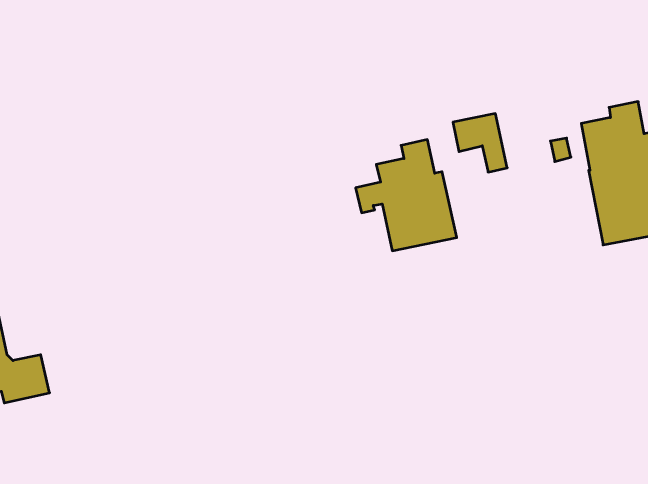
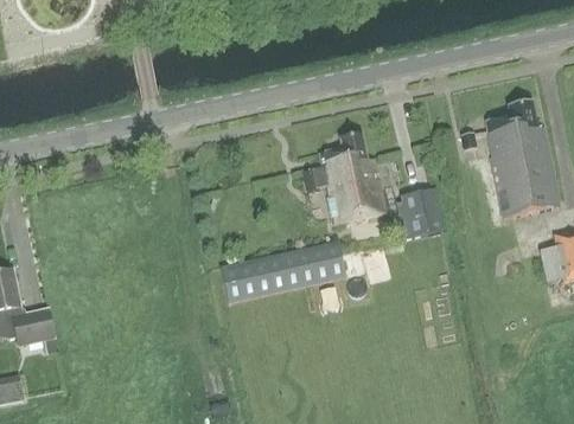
building: [453,114,507,172] -> [401,186,445,233]
building: none -> [219,239,346,302]

